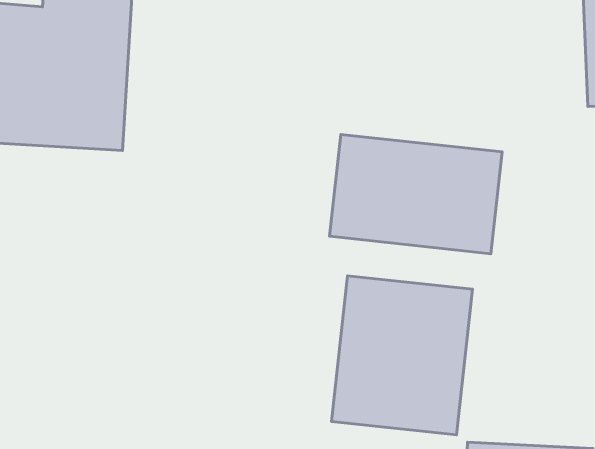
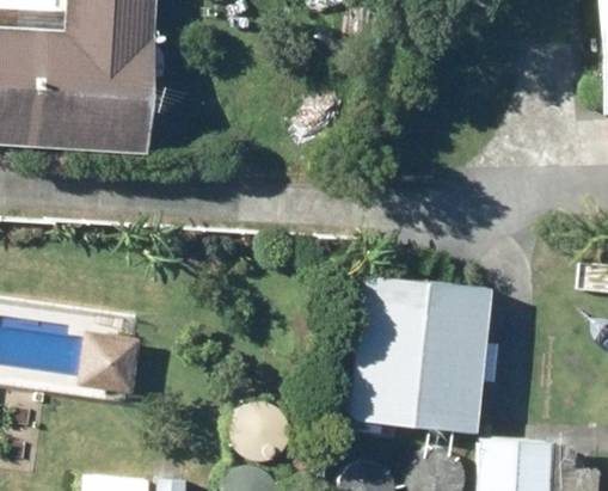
building: [329,134,502,254] -> none

